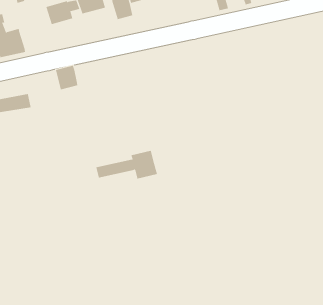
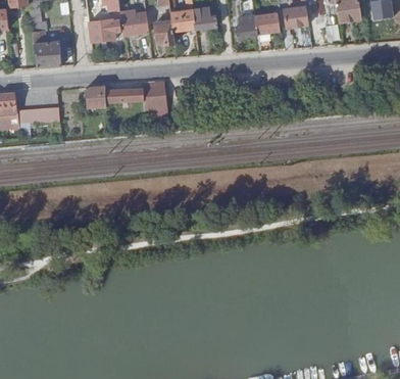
building: [96,150,158,179] -> [108,81,168,107]

